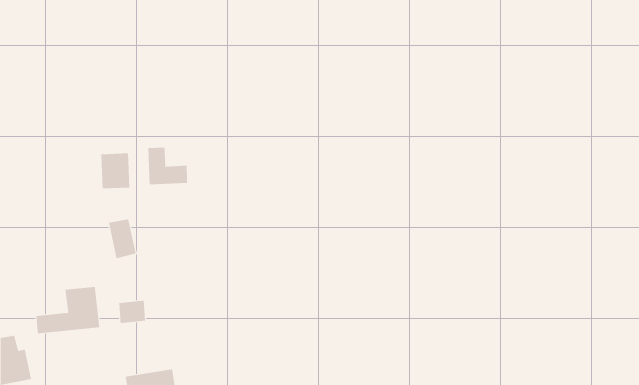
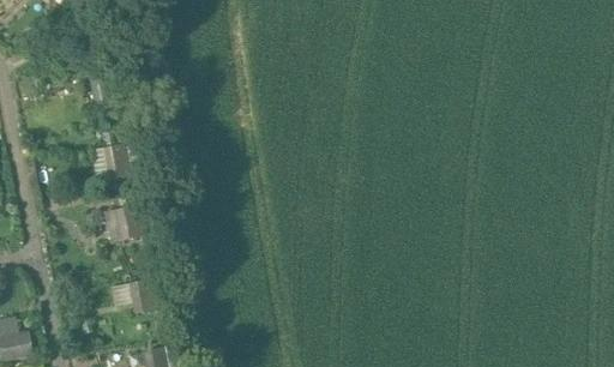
building: [148,147,188,185] -> none
building: [36,286,100,334] -> none

